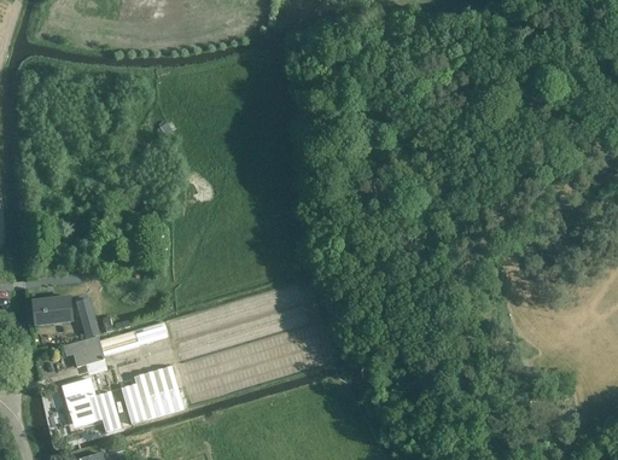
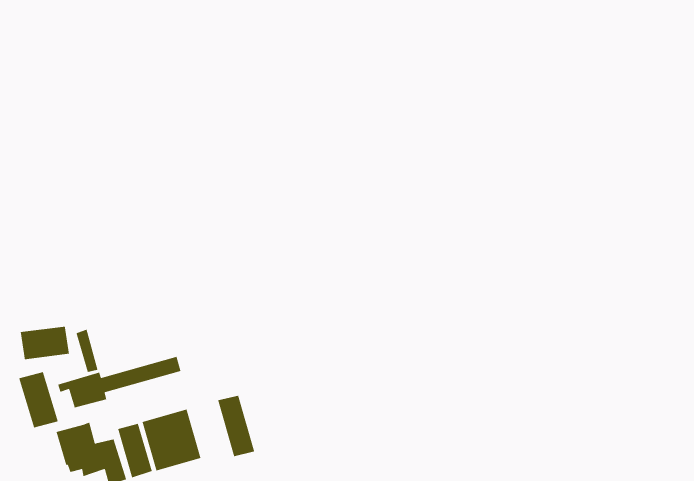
building: none -> [18,371,59,429]
building: none -> [217,395,255,457]

